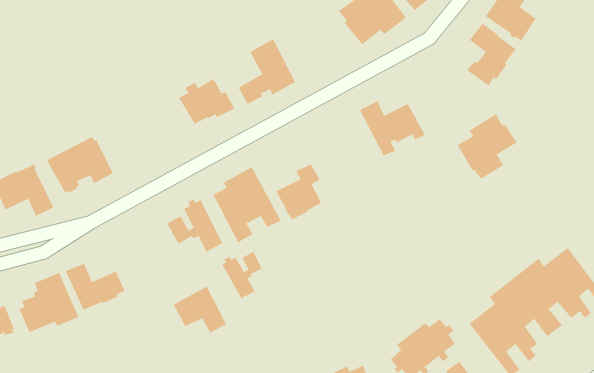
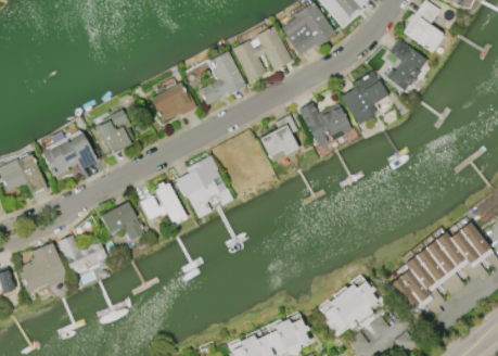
building: none -> [232,25,292,81]
building: none -> [94,109,132,153]
building: [457,114,517,180] -> [341,69,391,124]
building: [276,163,322,220] -> [260,115,298,162]
building: [221,251,263,299] -> none
building: [173,286,227,334] -> [100,201,144,240]

